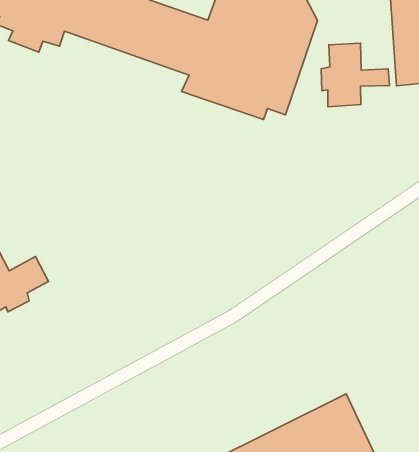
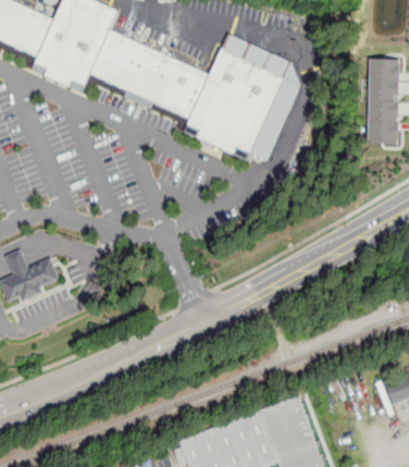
building: [321,43,389,107] -> none

